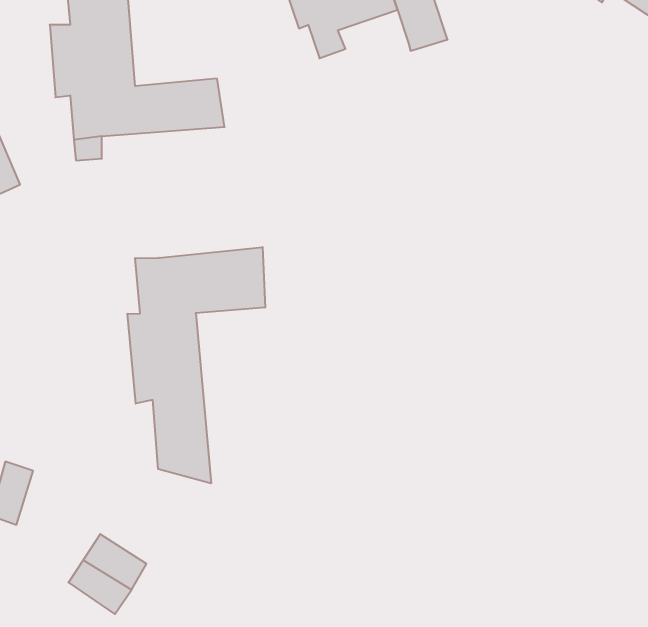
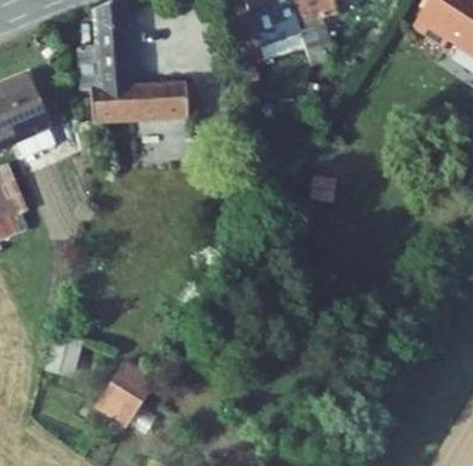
building: [127,247,265,483] -> none

